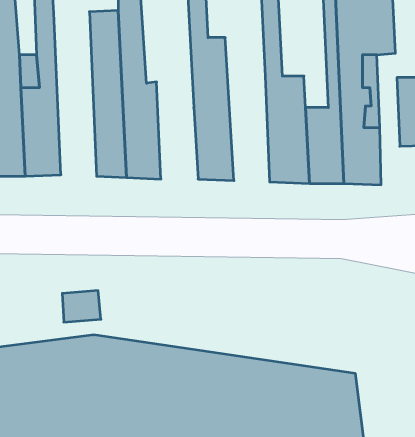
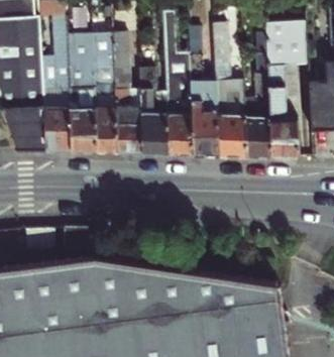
building: none -> [67,33,97,149]
building: none -> [188,38,219,153]
building: none -> [138,66,169,151]

